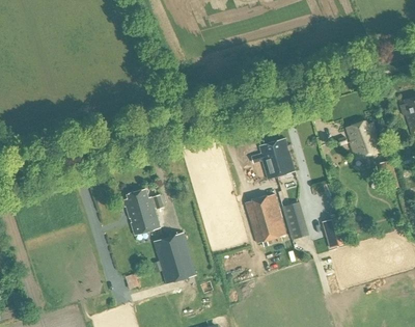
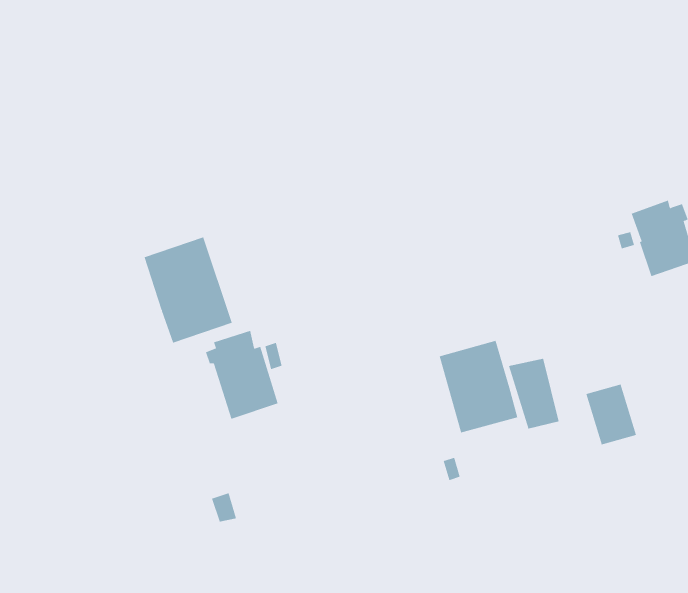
building: [251,137,294,178] -> none
building: none -> [144,236,232,344]
building: [154,231,196,283] -> none

